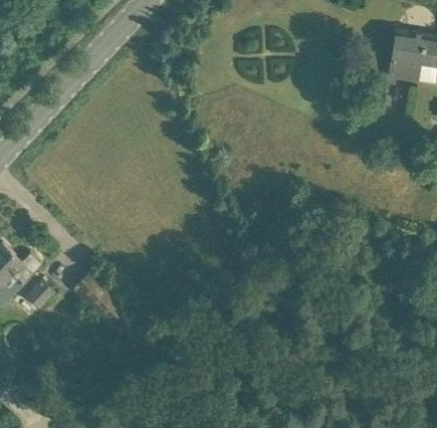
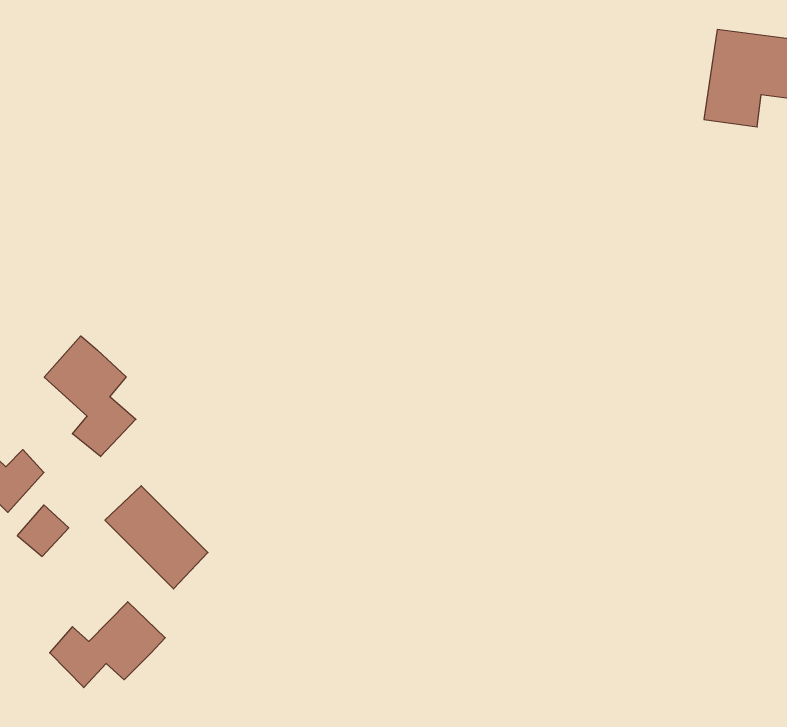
building: none -> [44,336,136,457]
building: none -> [50,602,165,688]

